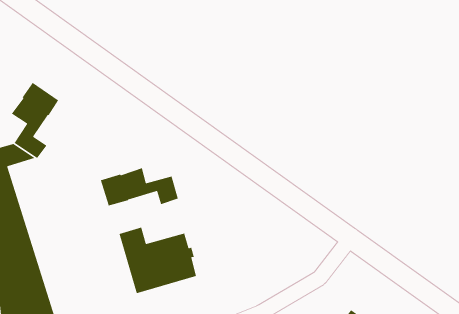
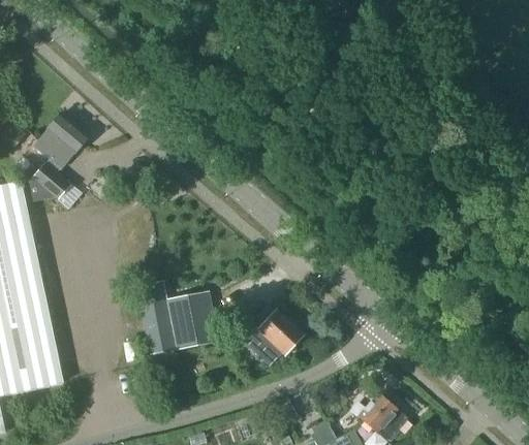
building: [100,167,179,206] -> none
building: none -> [240,309,305,367]

